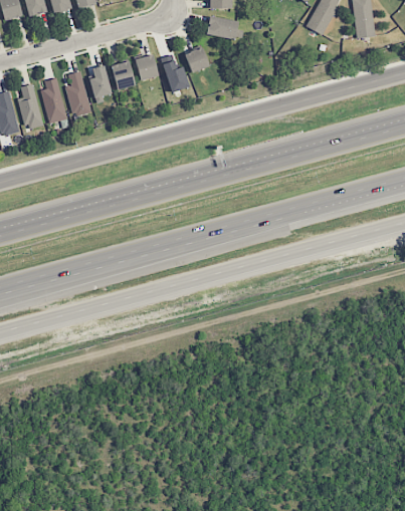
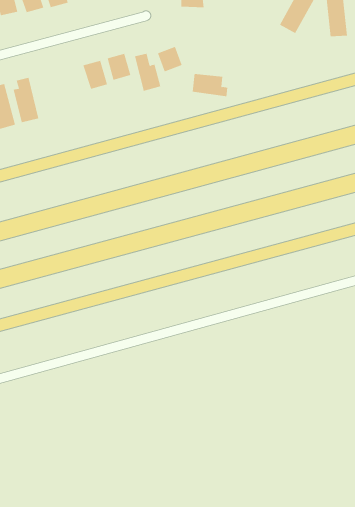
building: [207,17,243,40] -> [192,74,228,97]
building: [89,65,112,98] -> none
building: [65,71,91,116] -> none

